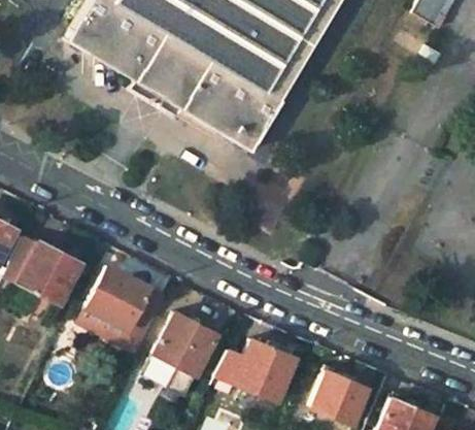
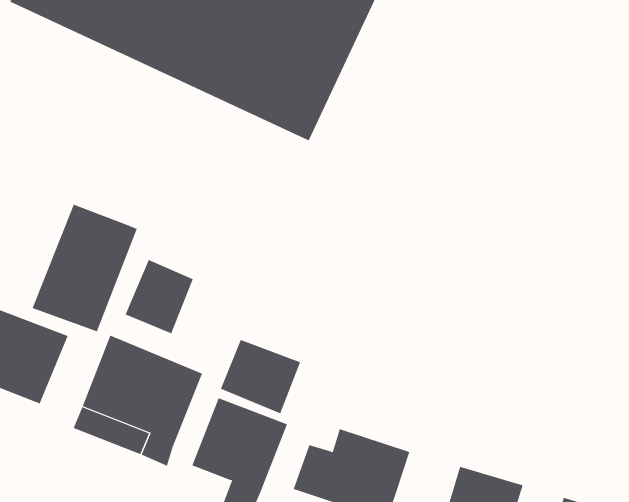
building: none -> [32,204,138,332]
building: none -> [125,259,194,334]
building: none -> [220,339,301,414]

